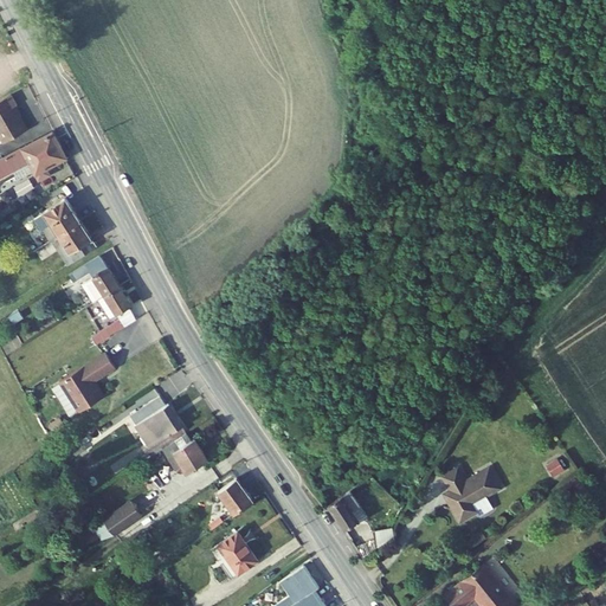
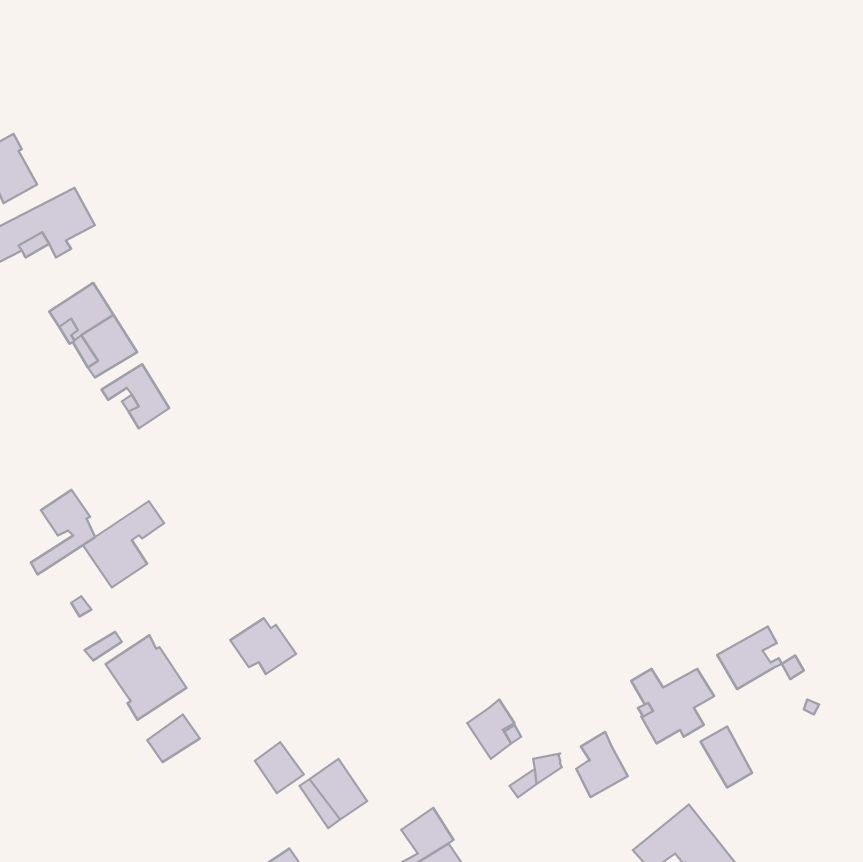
building: [90,288,135,347] -> [31,490,95,574]
building: [128,398,185,457] -> [105,635,187,720]
building: none -> [717,626,782,689]
building: [218,479,252,515] -> [255,742,304,793]
building: none -> [701,726,752,787]
building: none -> [576,732,628,797]

